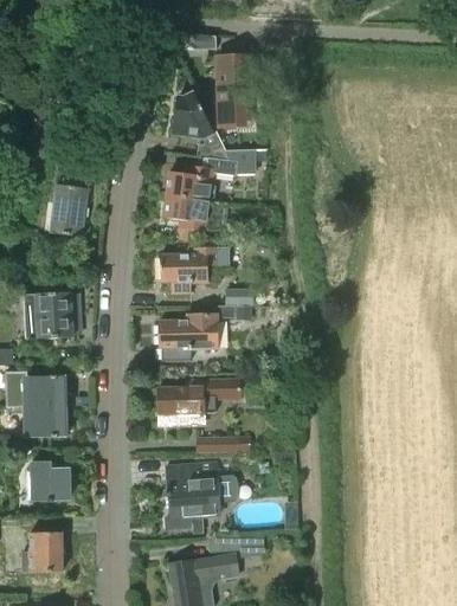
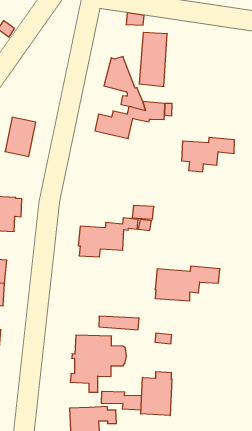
building: [162,193,223,231] -> none
building: [159,246,228,292] -> [182,137,235,172]
building: [157,378,240,425] -> [155,266,220,301]
building: none -> [141,372,172,416]

